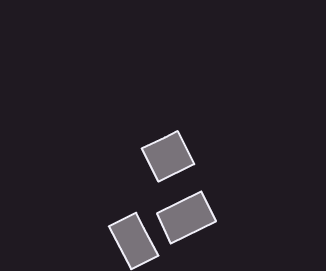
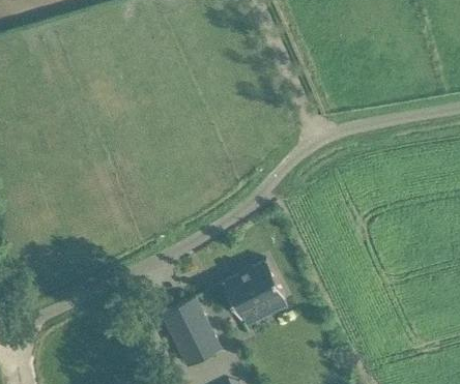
building: [142,131,194,182] -> none

